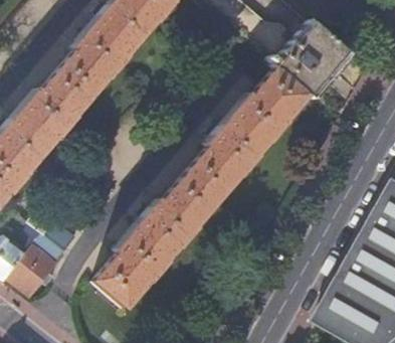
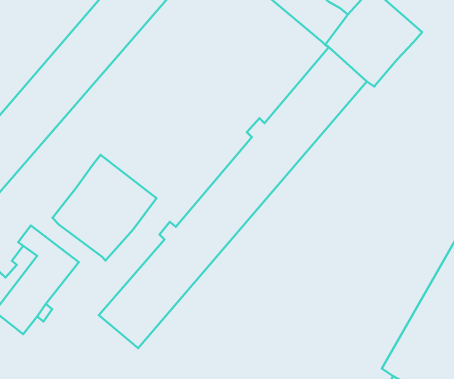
building: none -> [52,155,156,260]

